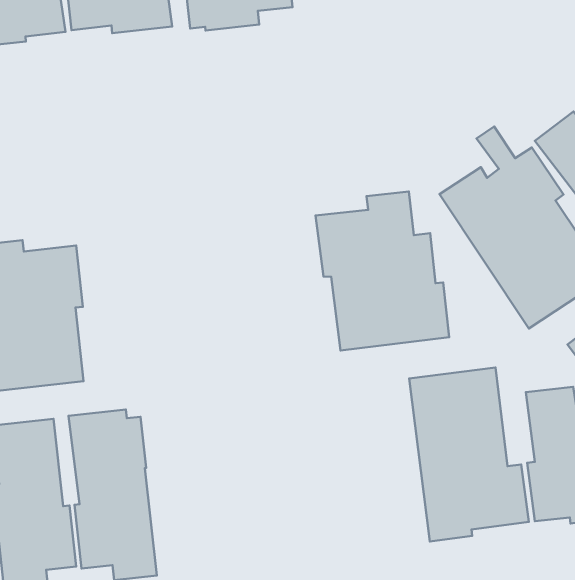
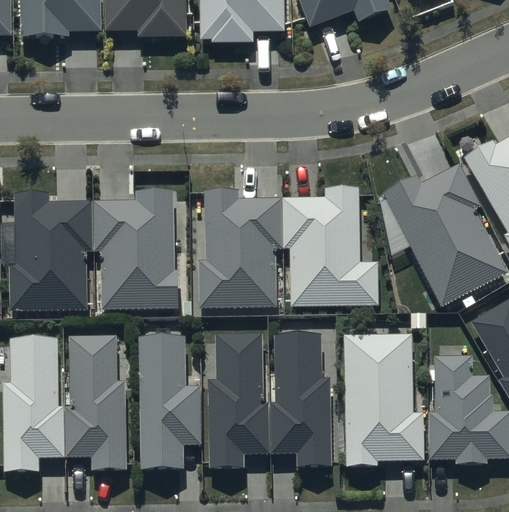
building: none -> [200,190,281,307]
building: none -> [95,189,179,309]
building: none -> [272,333,331,466]
building: none -> [209,333,268,467]
building: none -> [140,335,201,469]

